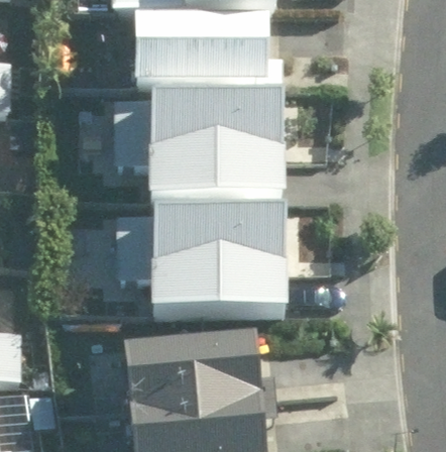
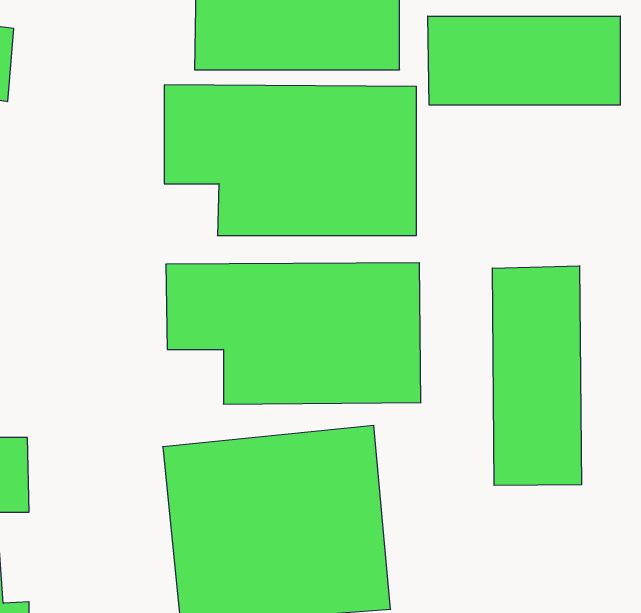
building: none -> [428,16,620,105]
building: none -> [492,266,581,485]

